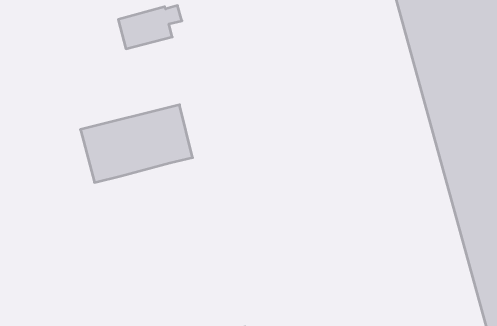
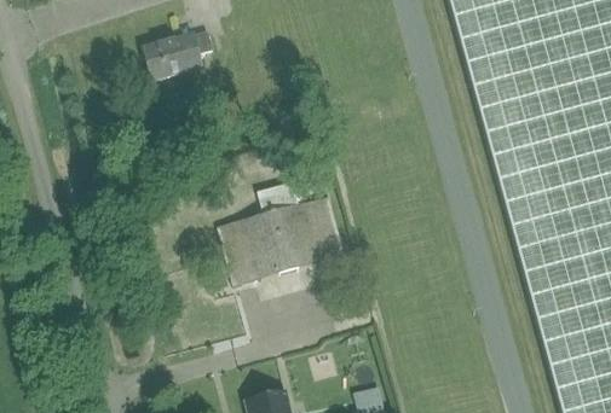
building: [80,105,193,182] -> [215,196,341,283]

